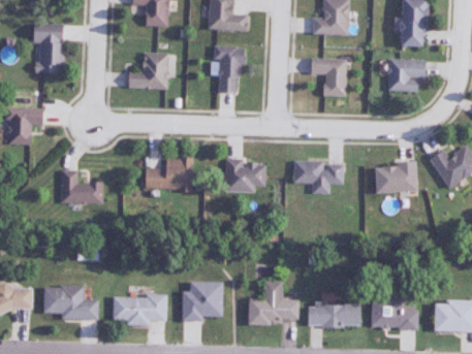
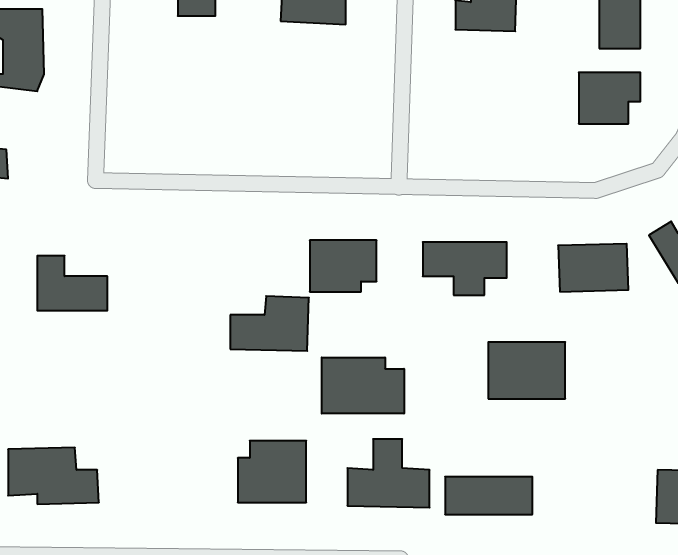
building: [214,45,240,92] -> none
building: [128,53,168,89] -> none
building: [310,58,347,96] -> none
building: [145,157,192,190] -> [230,296,309,351]
building: none -> [322,357,404,414]
building: [372,295,418,329] -> [488,342,565,399]
building: [113,296,166,323] -> none

